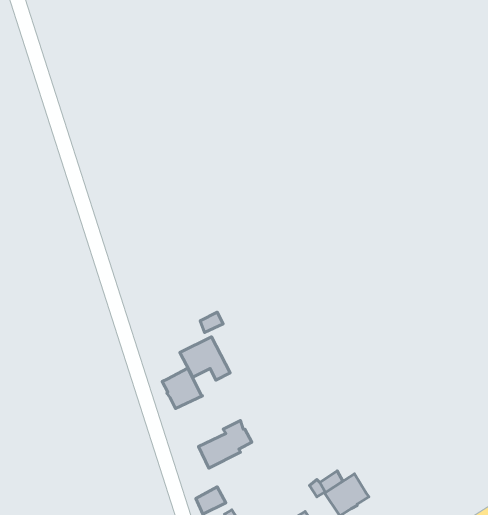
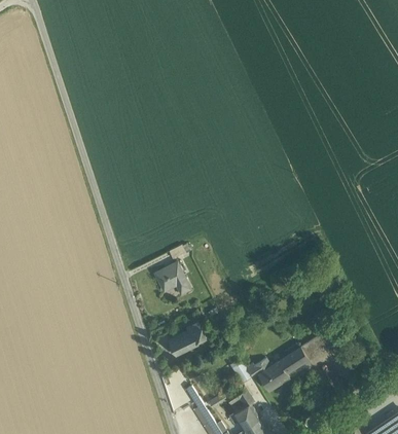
building: [162,368,203,409] -> none
building: none -> [279,332,333,375]

